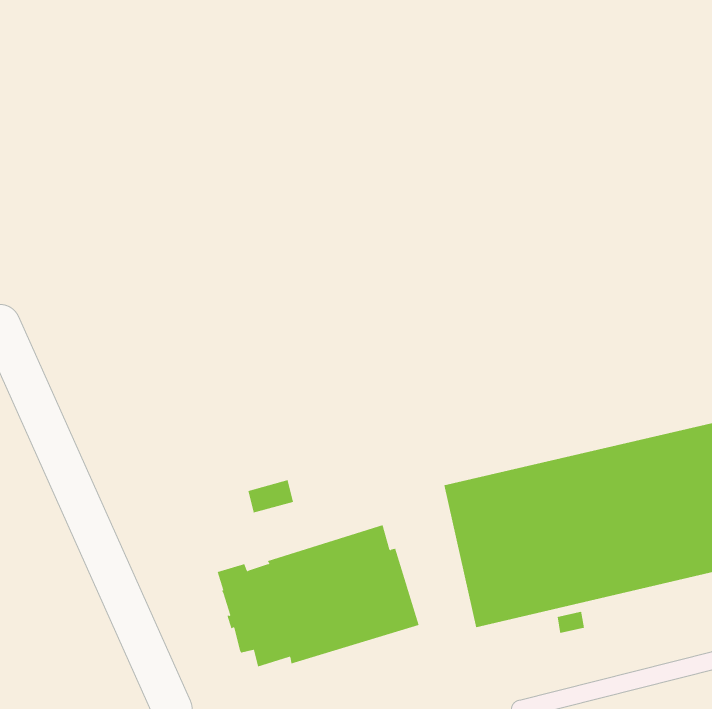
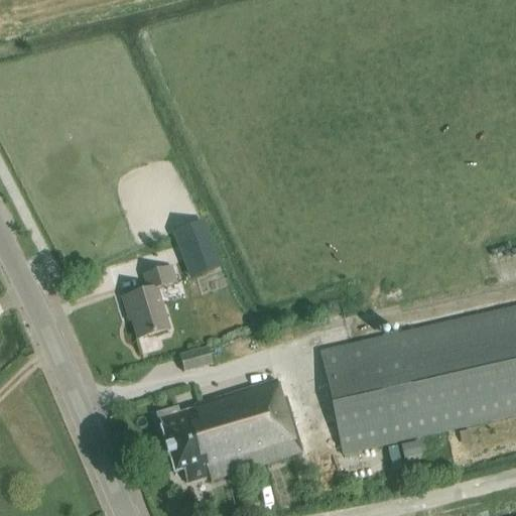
building: none -> [177,220,221,275]
building: none -> [124,265,177,337]

